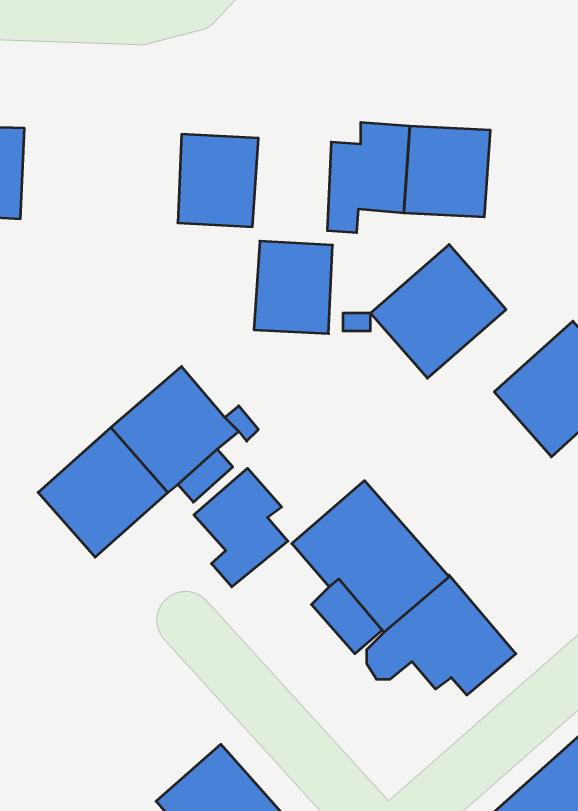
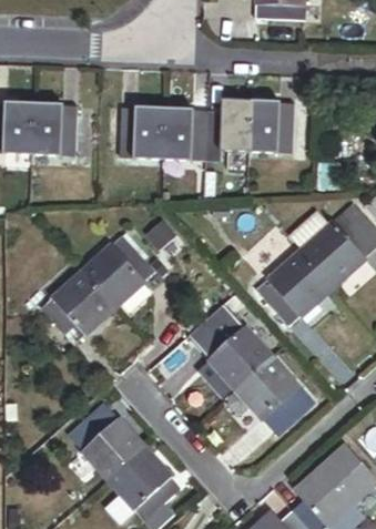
building: none -> [32,102,80,154]
building: [254,241,333,334] -> [163,108,207,160]
building: [370,244,506,378] -> [255,251,332,326]
building: [194,468,288,587] -> none
building: none -> [72,408,145,481]

